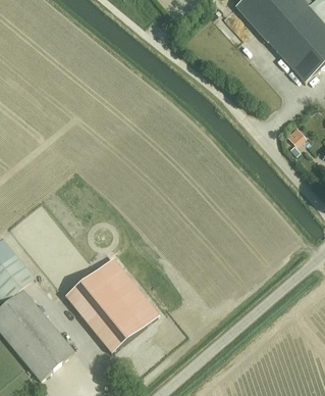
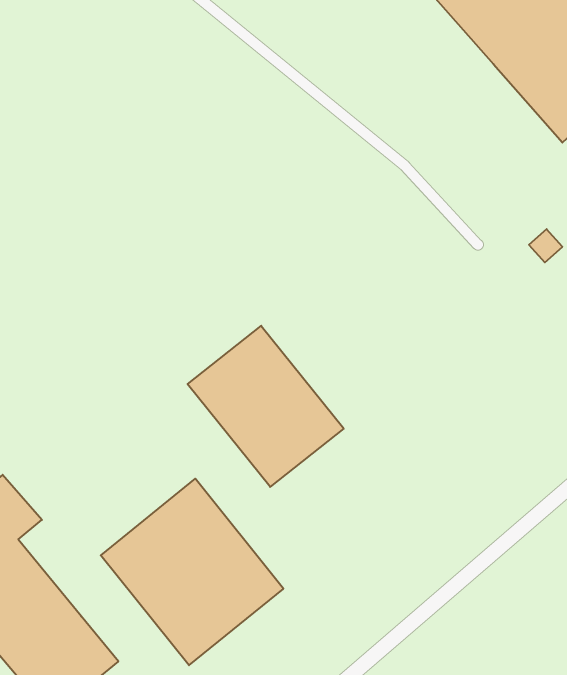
building: none -> [188,326,344,487]

